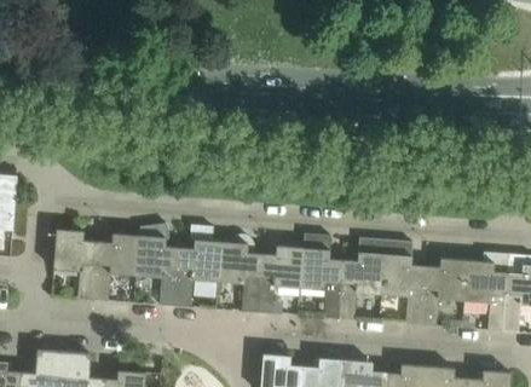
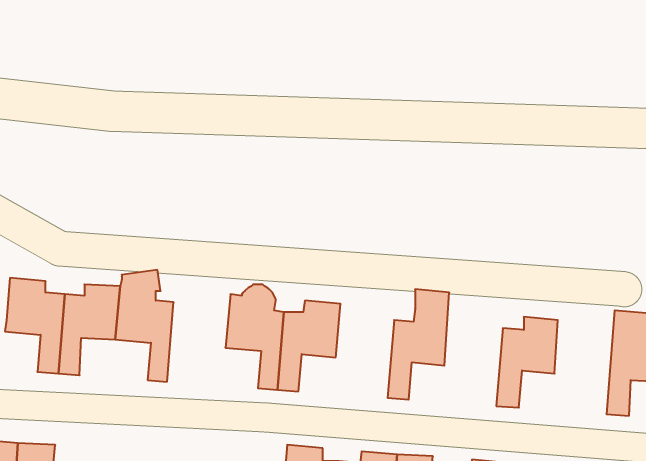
building: [173,225,220,307] -> none
building: [299,233,342,318] -> none
building: [380,239,423,324] -> none
building: [462,252,507,330] -> none

